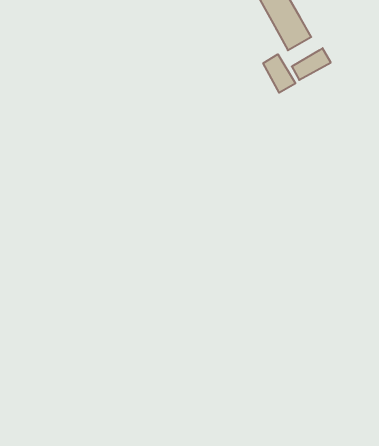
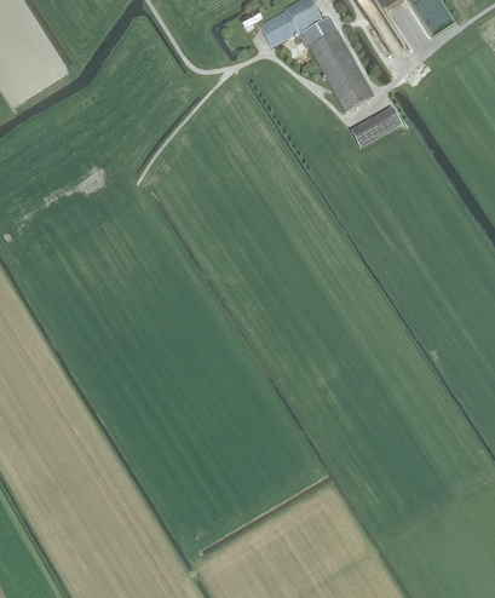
building: [263,54,295,93] -> none

